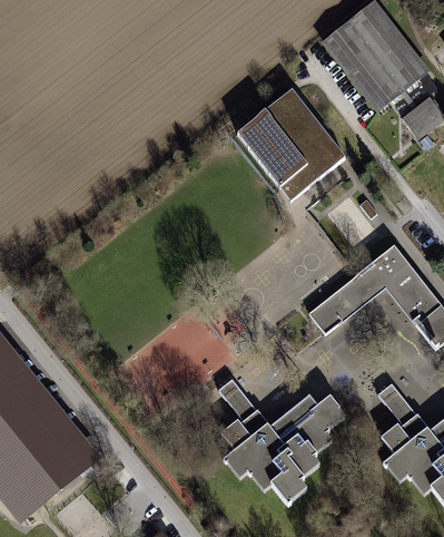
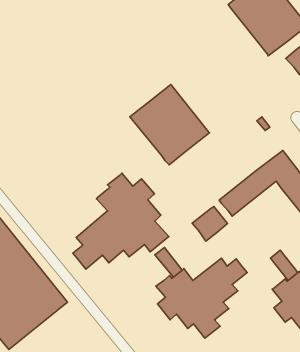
building: [236,88,346,199] -> [130,85,209,165]
building: none -> [73,173,169,269]
building: none -> [192,207,228,241]

